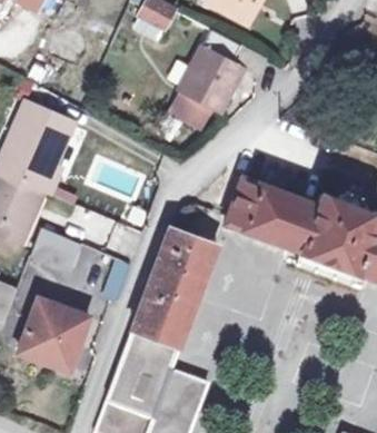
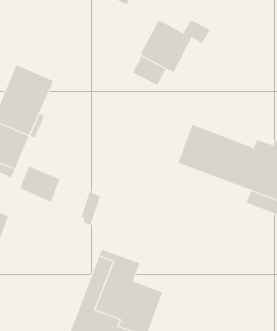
building: [131,227,217,347] -> none
building: [17,297,89,367] -> none

